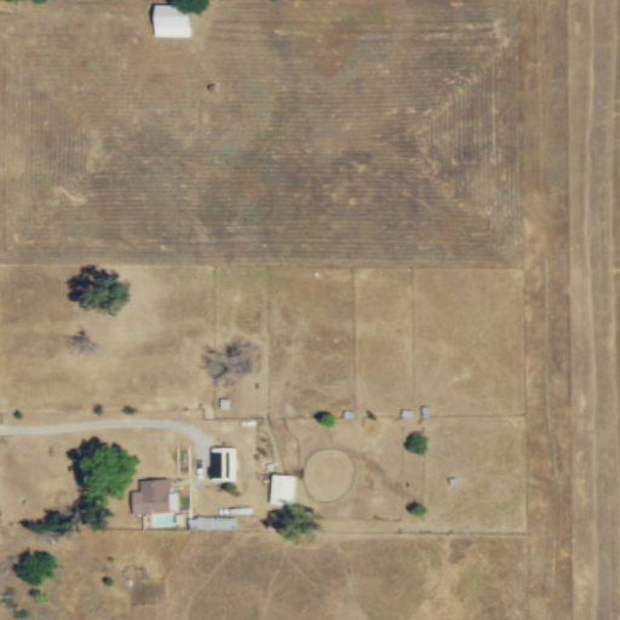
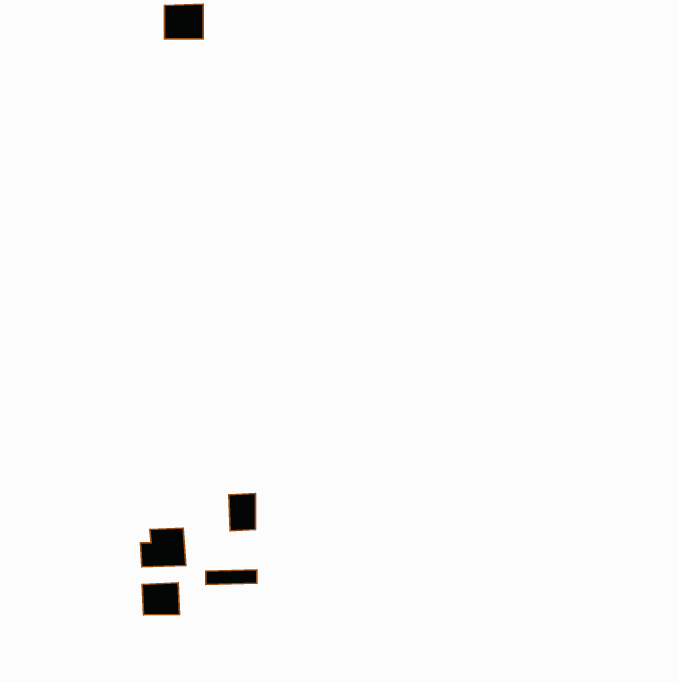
building: [270,475,293,506] -> none
building: none -> [142,583,179,615]

